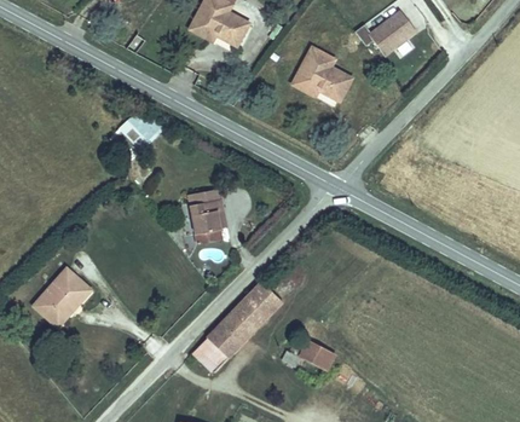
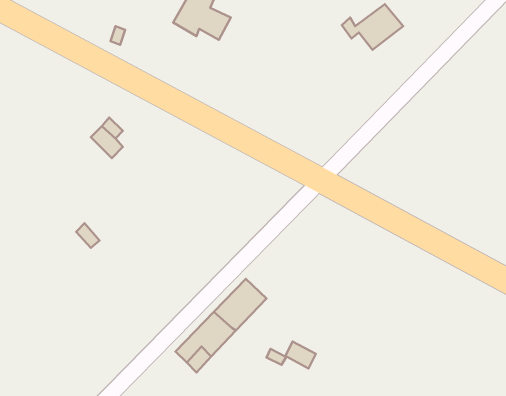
building: [295,48,352,98] -> none
building: [190,197,224,232] -> none
building: [35,272,89,330] -> none

